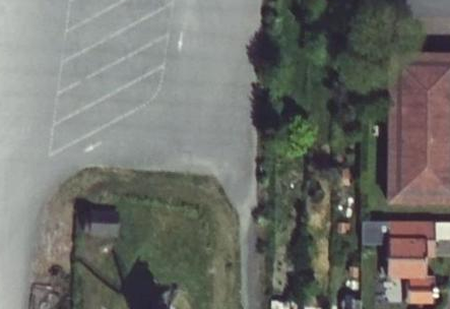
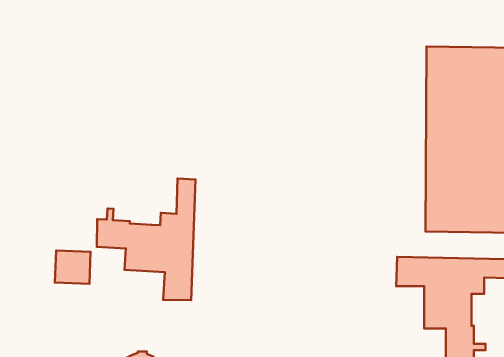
building: none -> [97,178,196,300]

